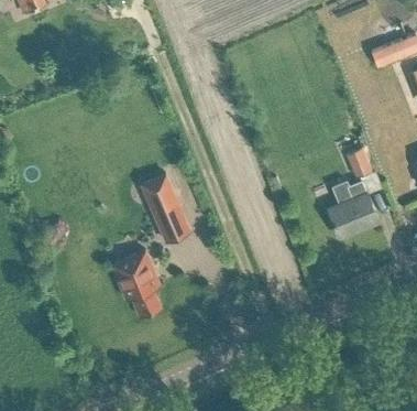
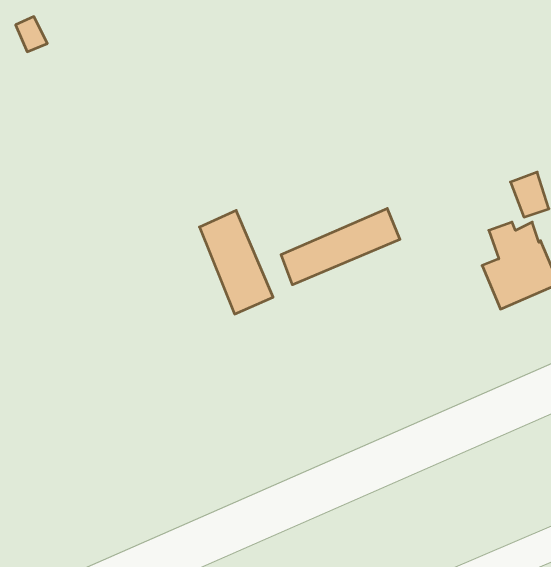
building: none -> [281,208,400,285]
building: [114,251,162,316] -> none

